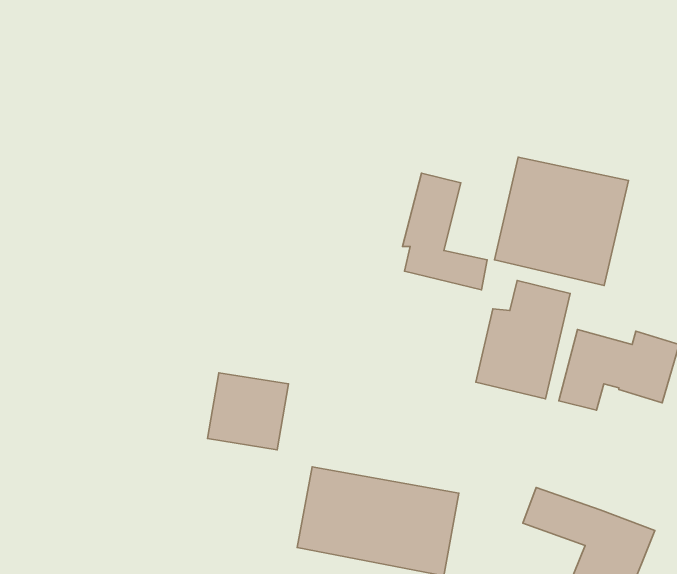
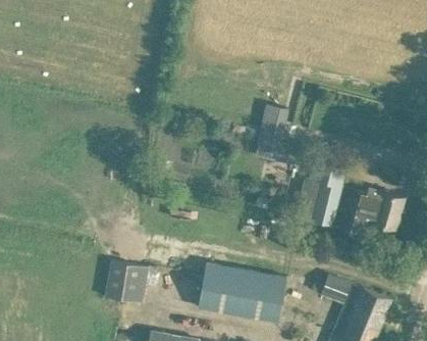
building: [495,157,629,286] -> none
building: [207,373,288,450] -> [105,261,149,303]

